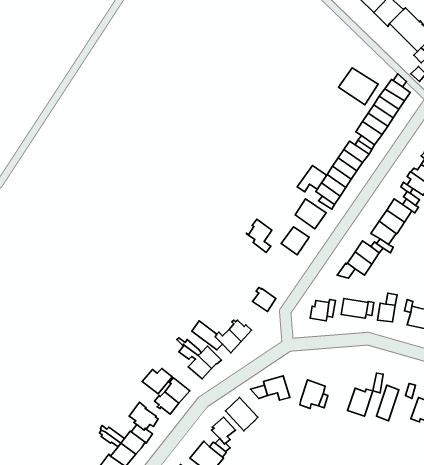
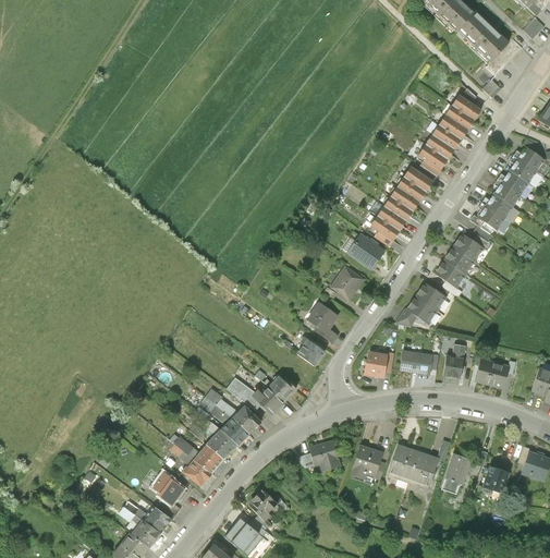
building: [339,68,378,105] -> none
building: [297,165,327,192] -> none
building: [246,219,272,253] -> [308,302,338,341]
building: none -> [207,427,239,458]
building: none -> [389,445,417,481]
building: [226,398,258,431] -> none

